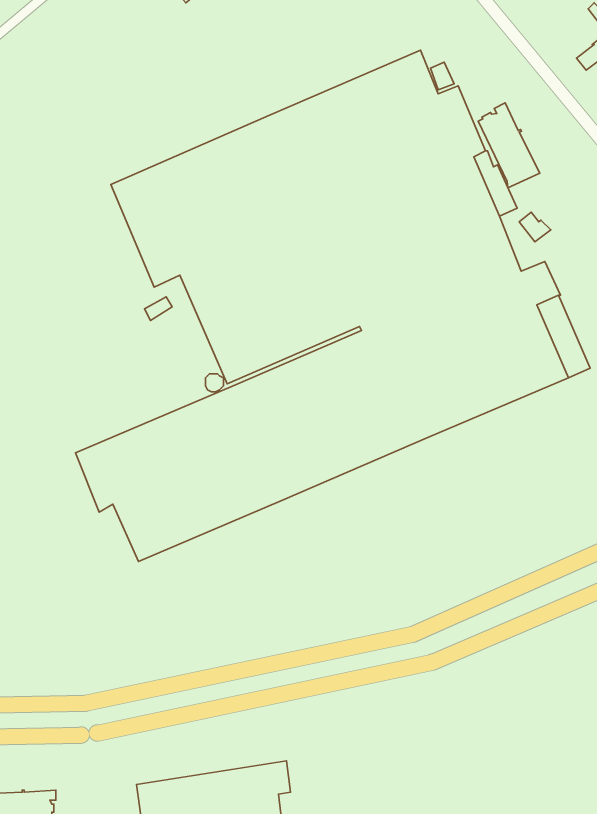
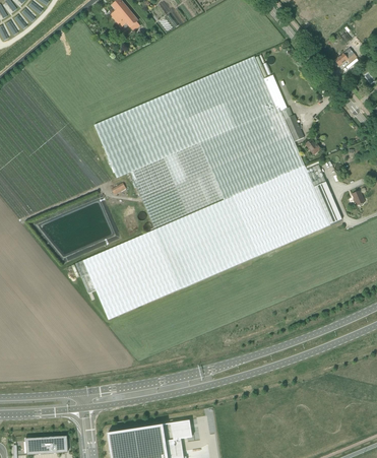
building: [478,103,540,188] -> none

